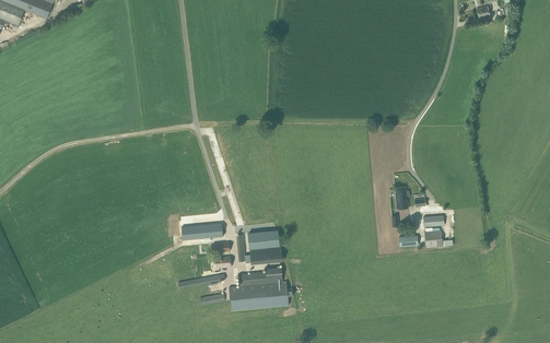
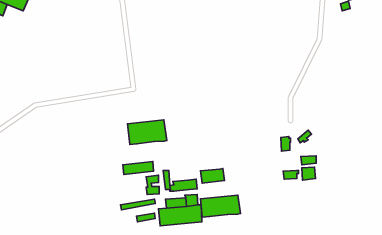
building: none -> [128,120,167,145]
building: [247,228,280,248] -> [200,169,225,183]
building: none -> [200,195,240,217]

